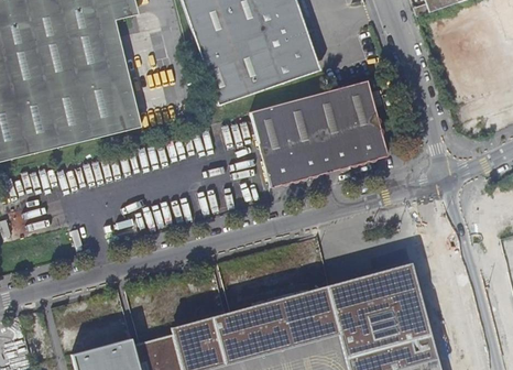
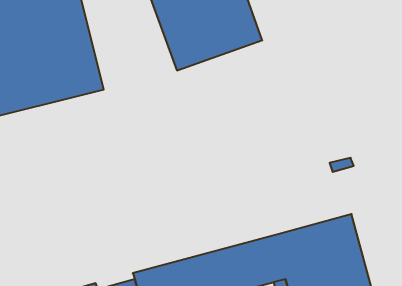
building: [251,79,388,186] -> none

